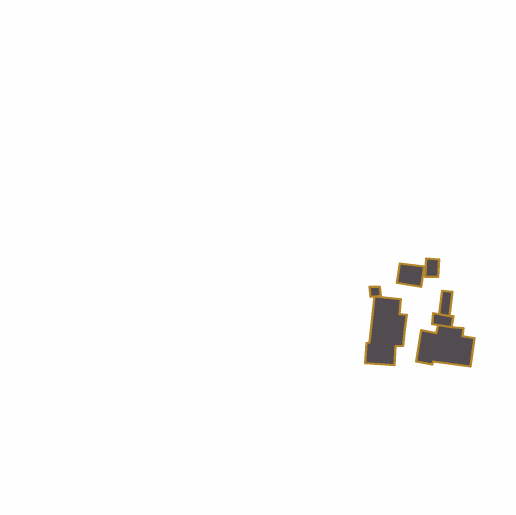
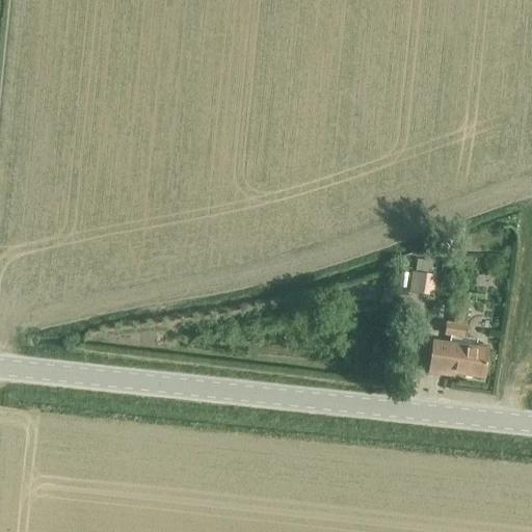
building: [365,297,407,365] -> none

